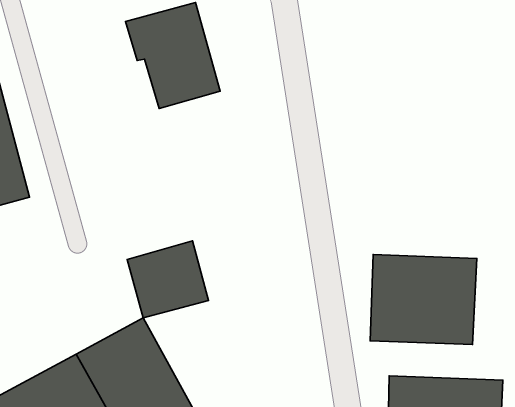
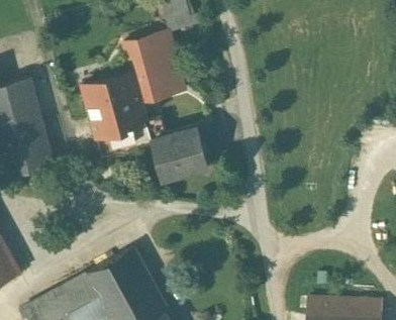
building: none -> [79,73,148,142]
building: [127,241,209,318] -> [151,131,207,185]
building: [370,255,477,345] -> none

